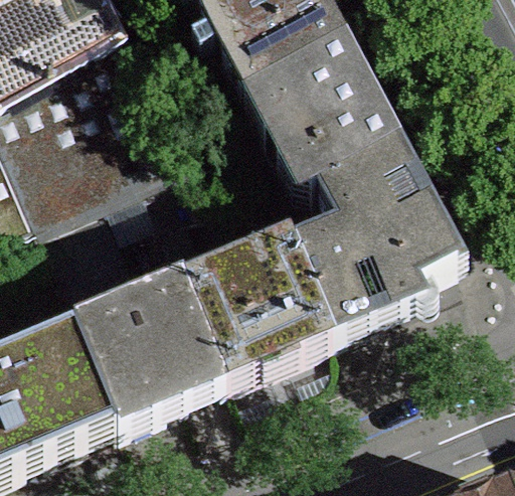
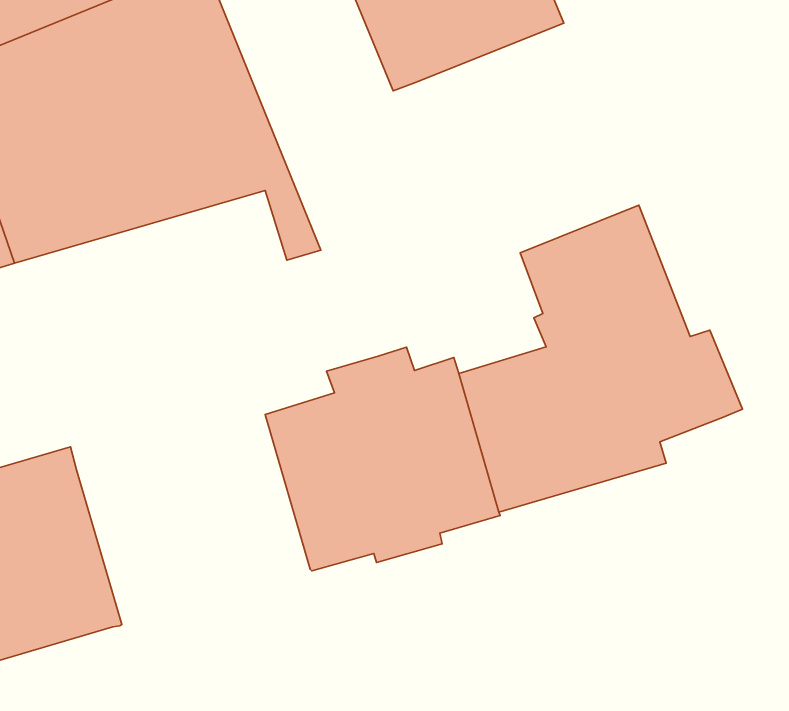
building: [247,50,386,197] -> none
building: [74,285,217,430] -> none

